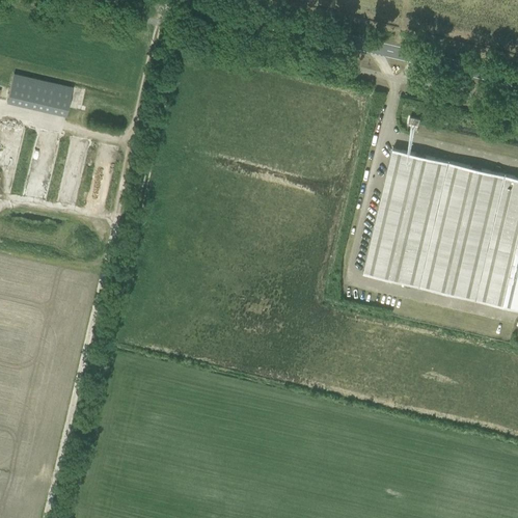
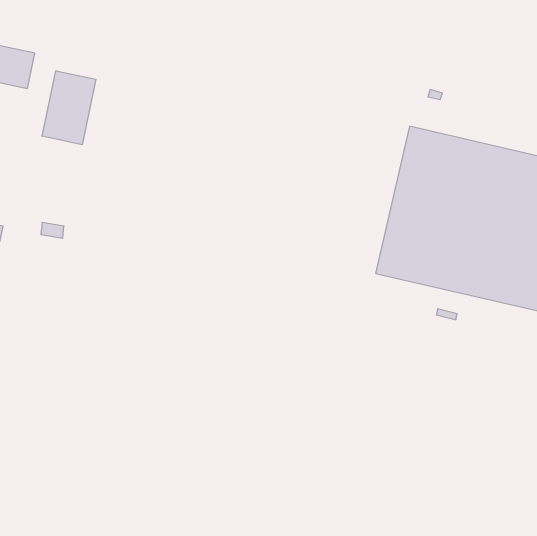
building: none -> [42,71,96,145]

